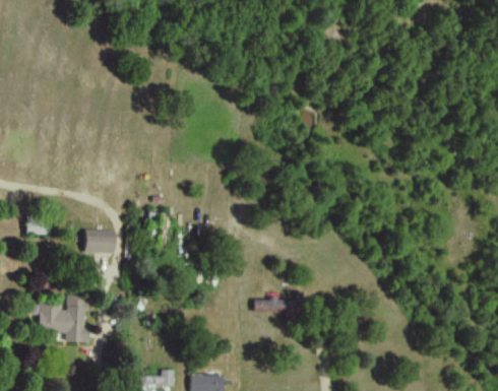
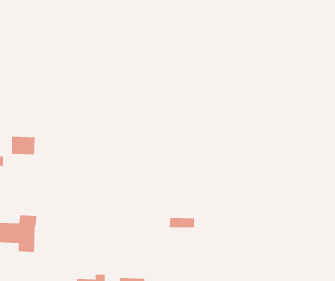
building: [84,230,115,253] -> [11,136,36,155]

